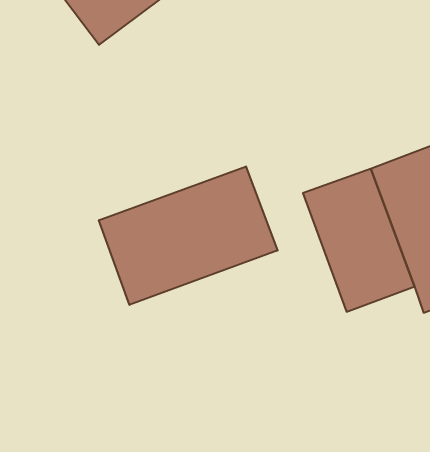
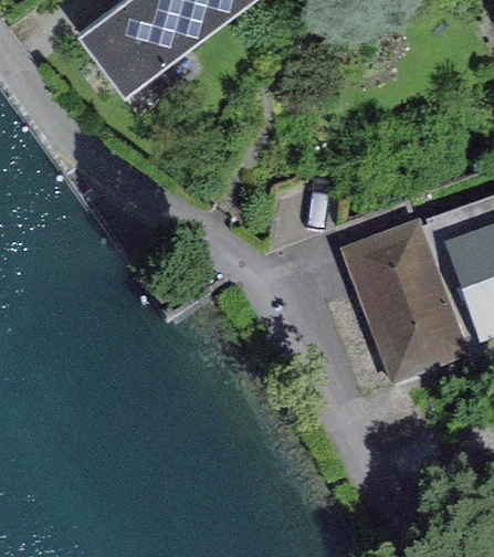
building: [99,166,278,305] -> none

